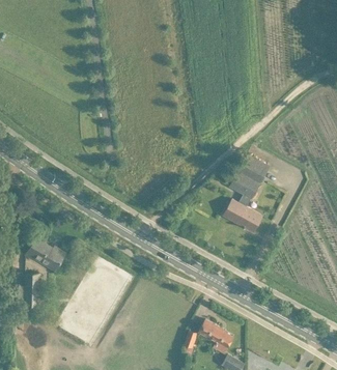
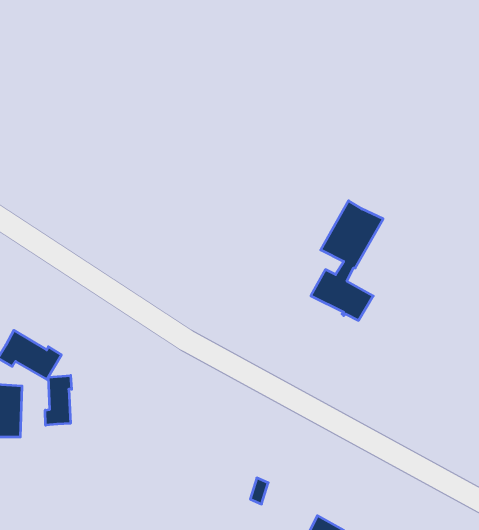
building: none -> [45,375,72,425]
building: [199,320,234,353] -> none

